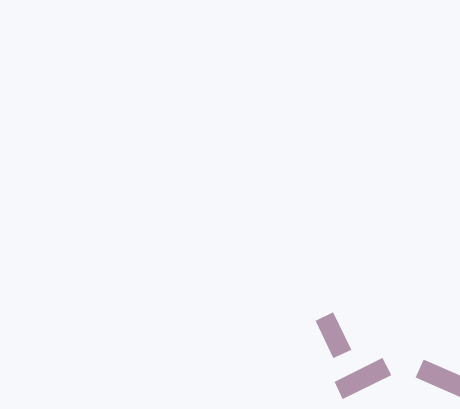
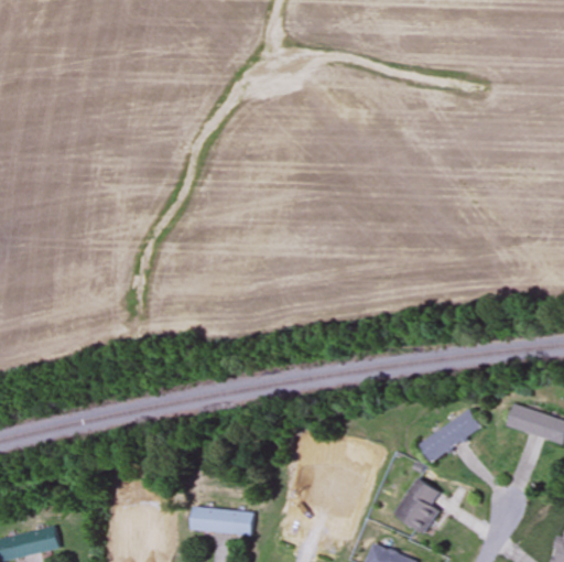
building: [315,311,352,359] -> none

